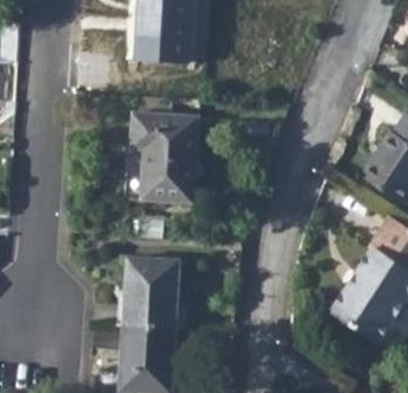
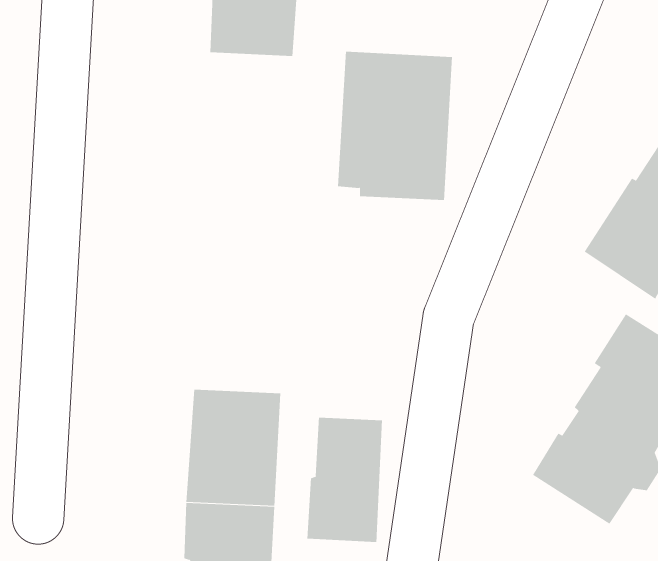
building: [129,112,198,201] -> [337,51,453,200]
building: none -> [307,417,382,543]

